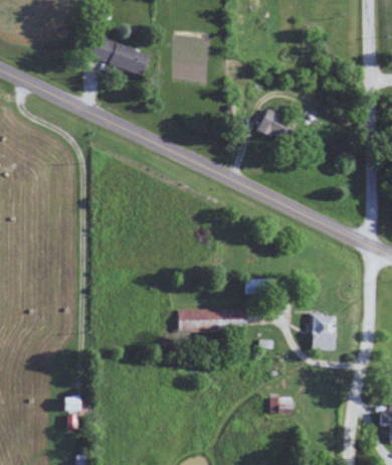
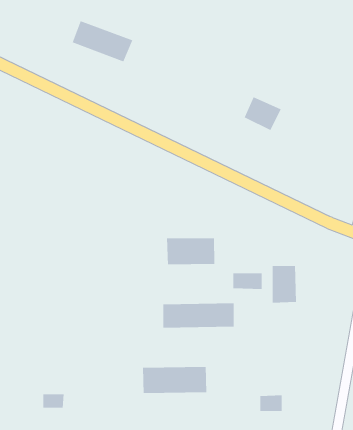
building: none -> [166,238,215,265]
building: [311,314,335,350] -> [272,266,297,303]
building: none -> [143,366,207,394]

